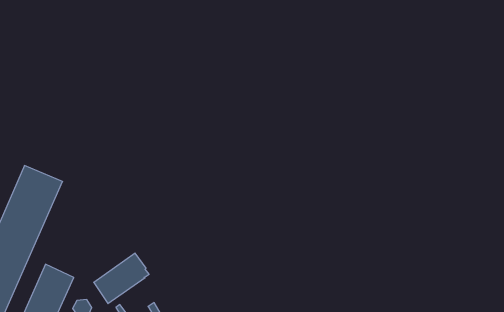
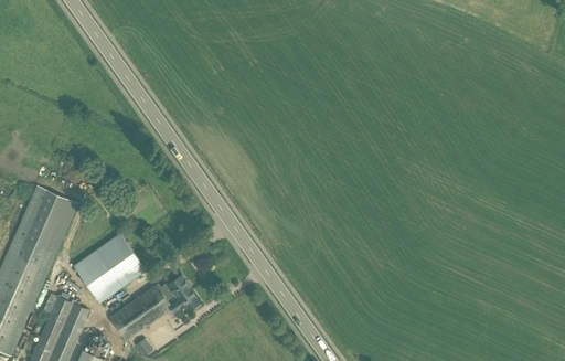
building: none -> [74,233,146,302]
building: none -> [166,275,199,319]

